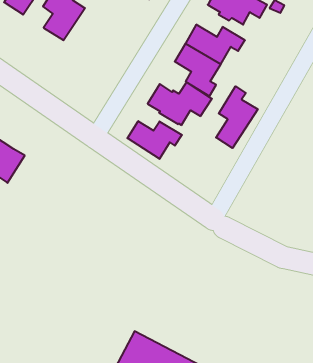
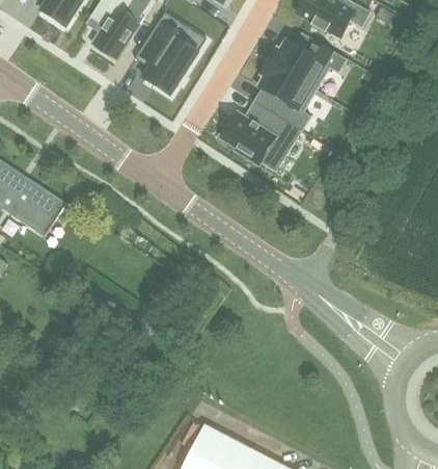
building: none -> [138,11,198,95]
building: [216,86,258,148] -> none
building: [127,121,182,159] -> none

